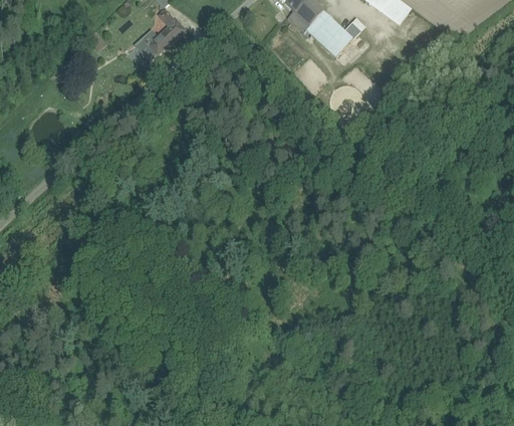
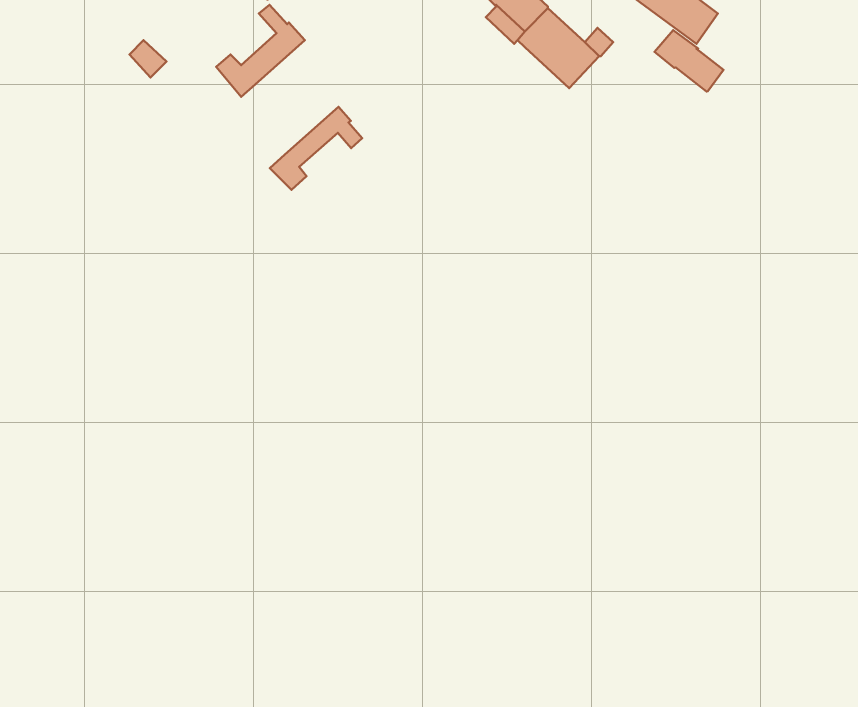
building: none -> [654,30,724,91]
building: none -> [270,107,362,190]

